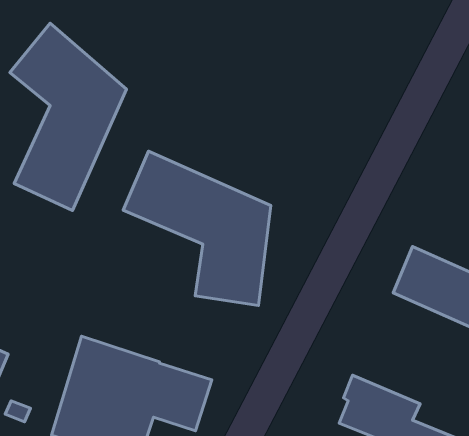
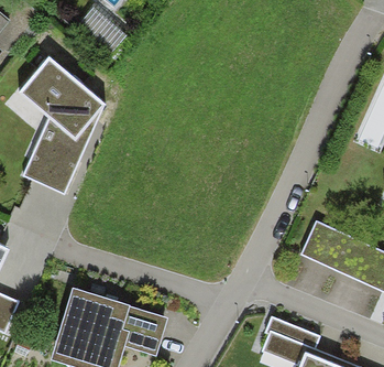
building: [123,151,271,306] -> none

